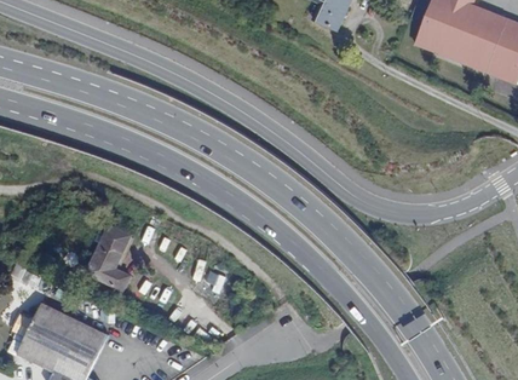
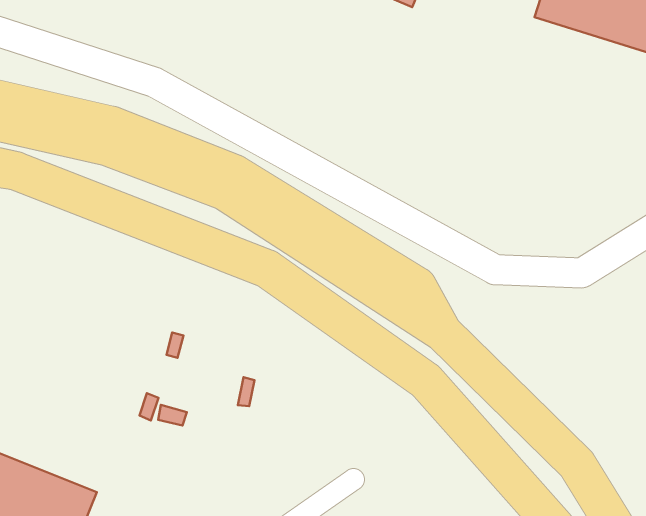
building: [84,225,130,290] -> none

